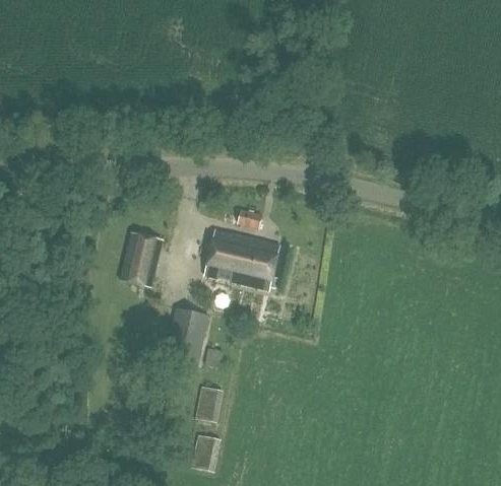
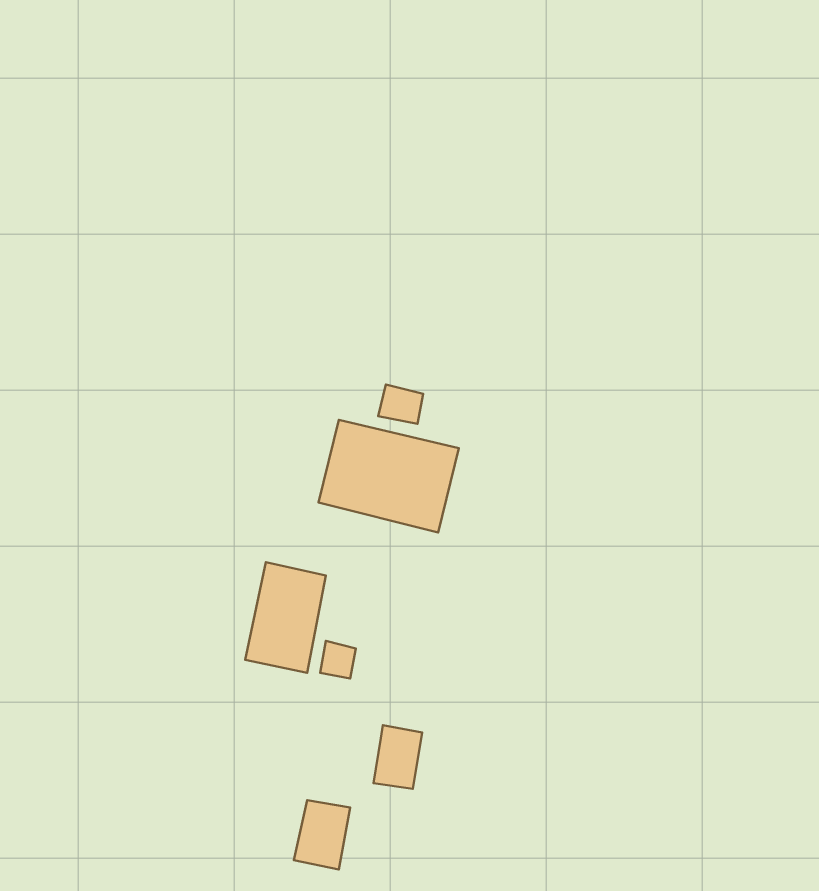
building: [121,232,163,286] -> none
building: [196,385,223,419] -> [373,725,422,789]

